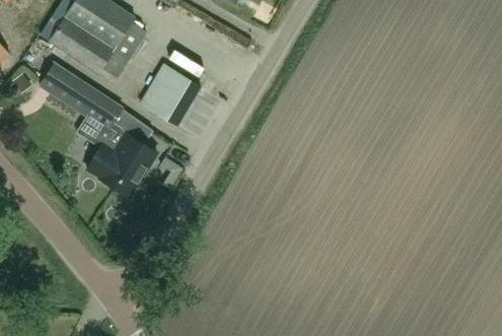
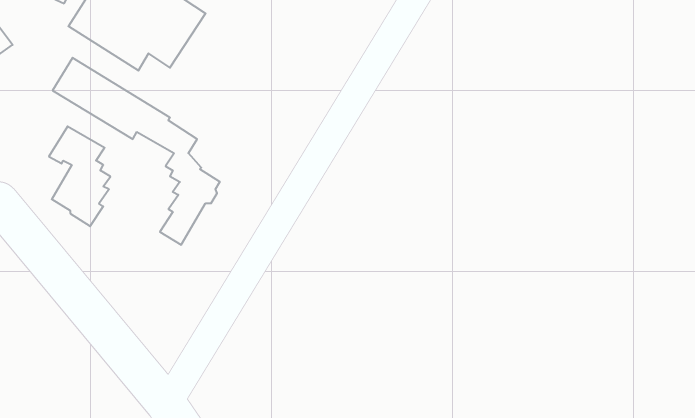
building: [140,64,199,125] -> none
building: [84,116,128,187] -> [49,126,110,226]

